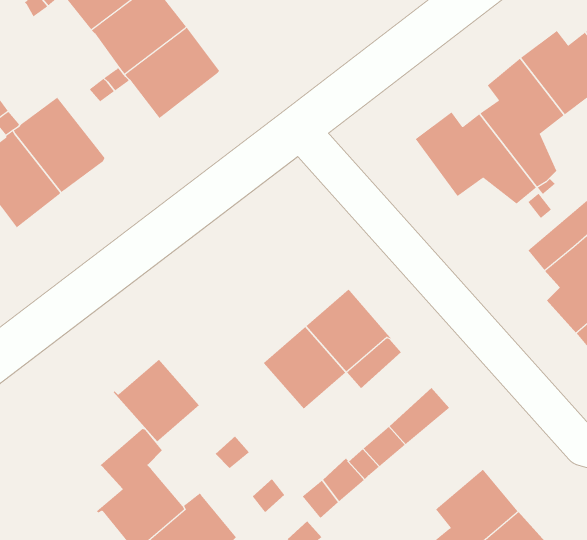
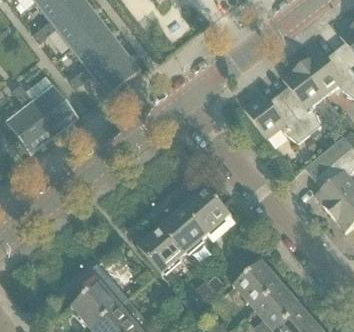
building: [113,359,200,442] -> [138,228,185,273]
building: none -> [236,260,282,307]

